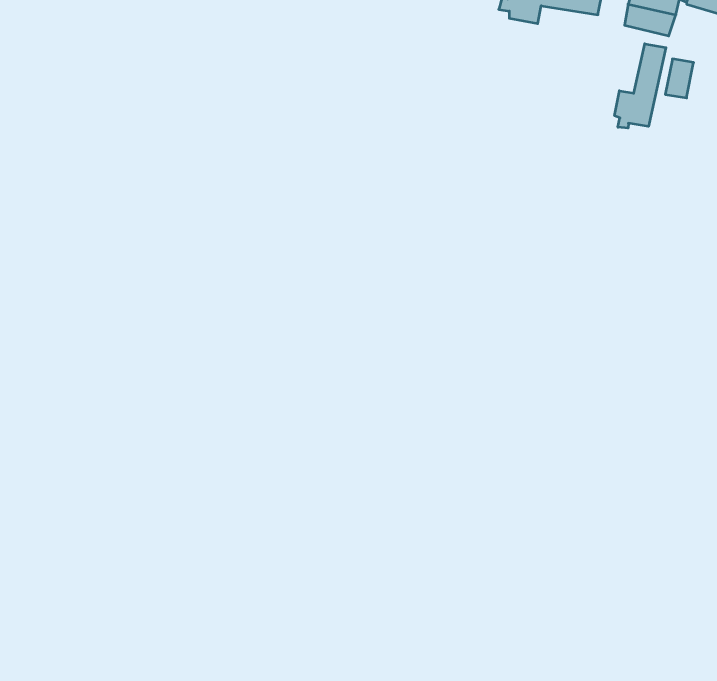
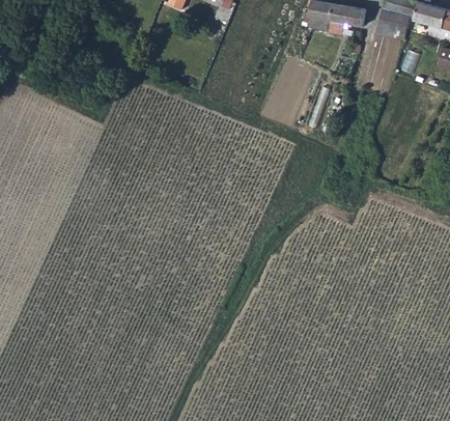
building: [615,44,666,128] -> none

